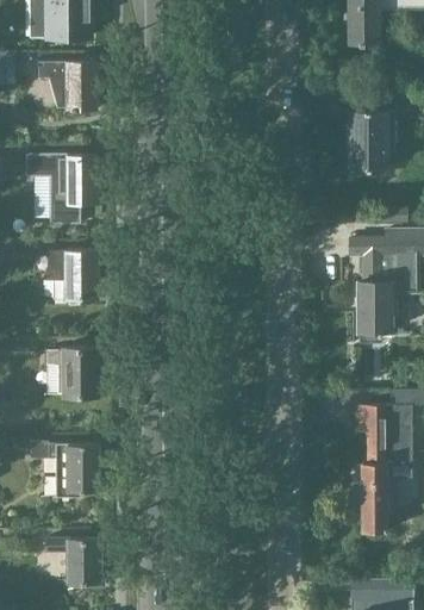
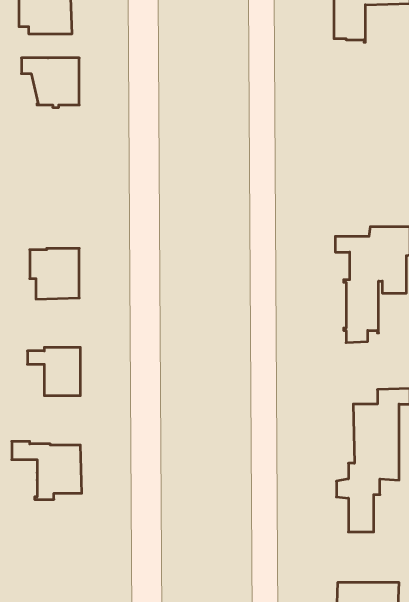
building: [348,111,394,176] -> none
building: [24,154,95,224] -> none
building: [43,539,101,587] -> none

